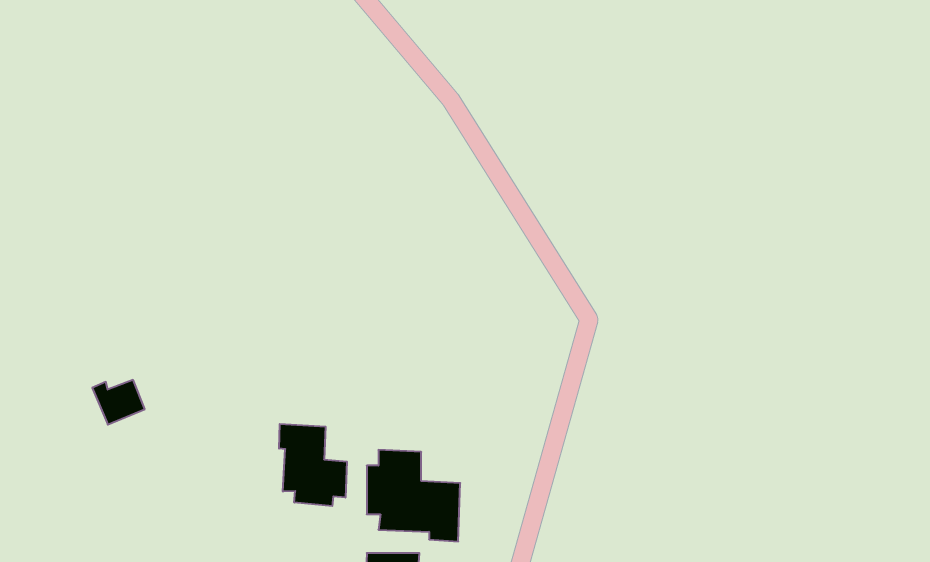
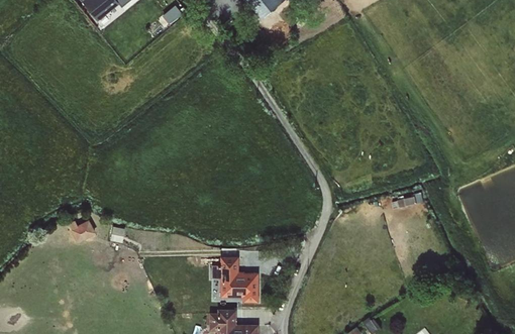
building: [279,424,347,506] -> none

